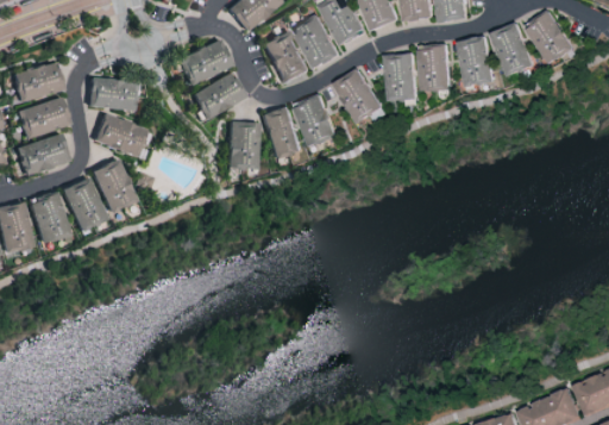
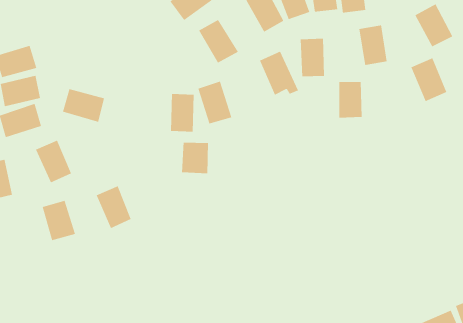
building: [295,13,338,67] -> none
building: [490,21,535,76] -> [411,57,447,102]
building: [176,39,230,85] -> none
building: [420,45,450,90] -> [338,81,363,118]
building: [190,73,244,118] -> none
building: [87,77,134,110] -> none
building: [295,96,335,145] -> none
building: [90,158,134,212] -> [96,186,132,229]
building: none -> [182,142,209,174]
building: [27,193,69,243] -> [42,200,76,241]

